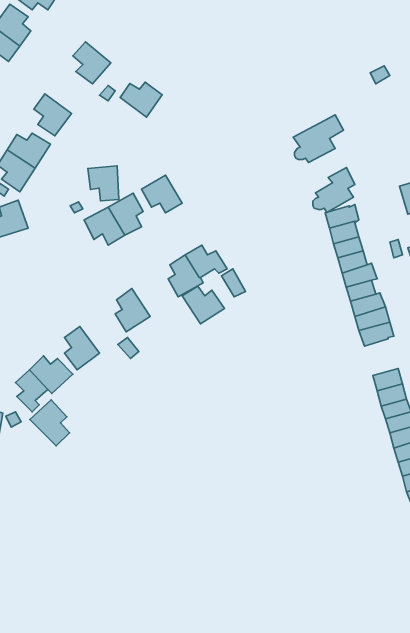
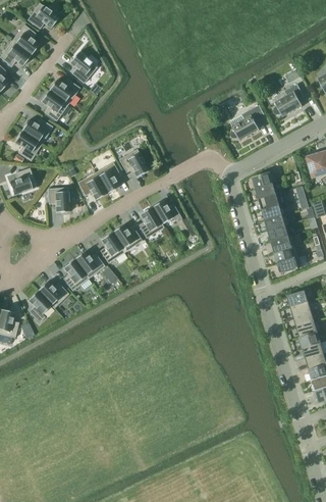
building: [120,82,162,117] -> [48,79,78,104]
building: [88,166,119,201] -> [46,187,68,212]
building: [313,168,355,212] -> [272,84,303,116]
building: [182,286,224,324] -> [111,224,142,252]
building: none -> [73,251,104,279]
building: [30,400,69,446] -> none

